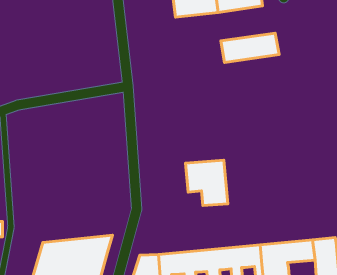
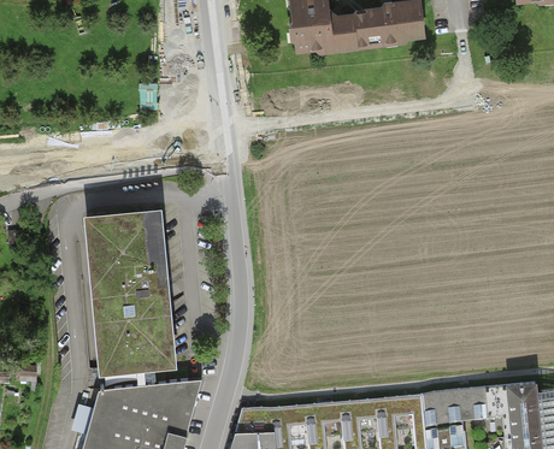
building: [221,33,279,62] -> none
building: none -> [86,208,176,372]
building: [186,160,228,206] -> none

